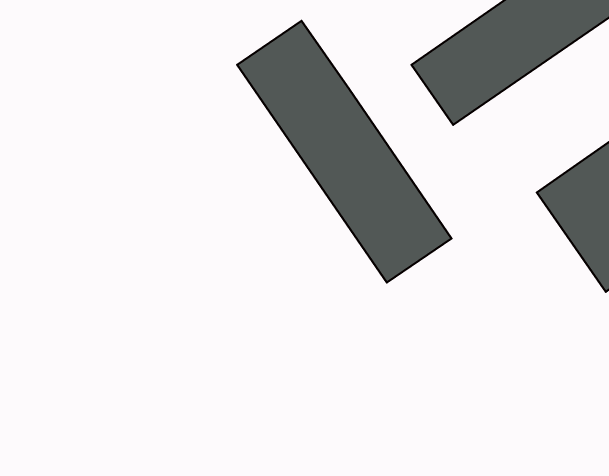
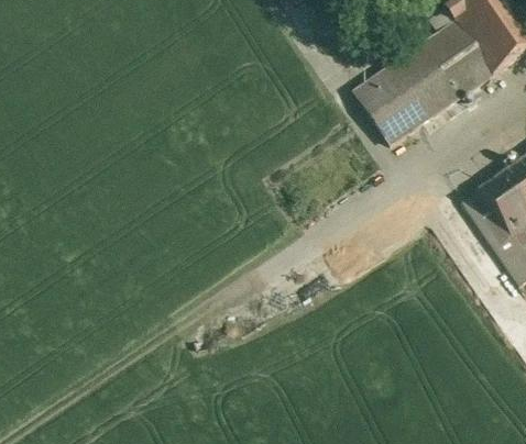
building: [237,21,451,282] -> none

